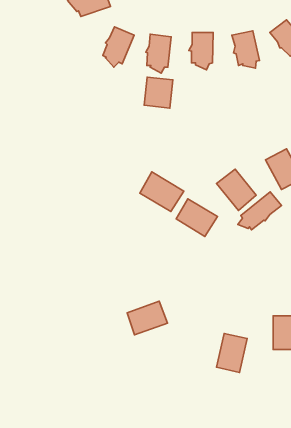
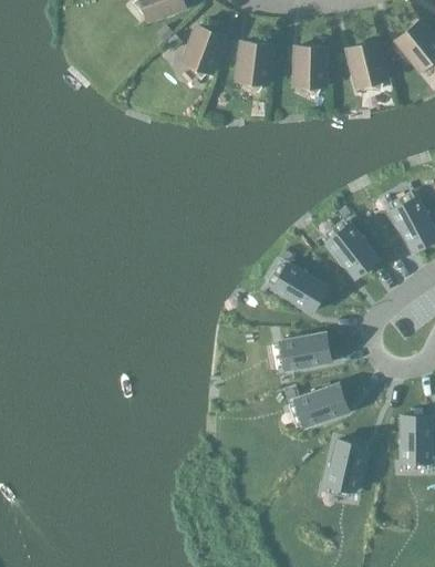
building: [144,77,173,108] -> none
building: [140,172,184,212] -> none
building: [238,192,281,230] -> none
building: none -> [281,332,331,370]
building: [127,301,168,335] -> [296,383,349,427]

